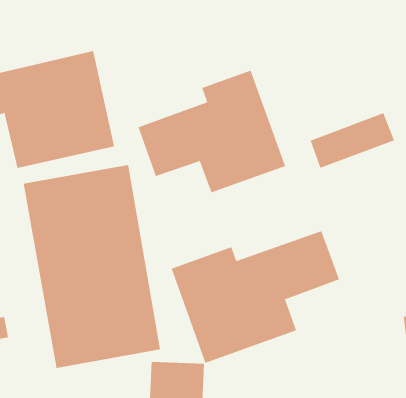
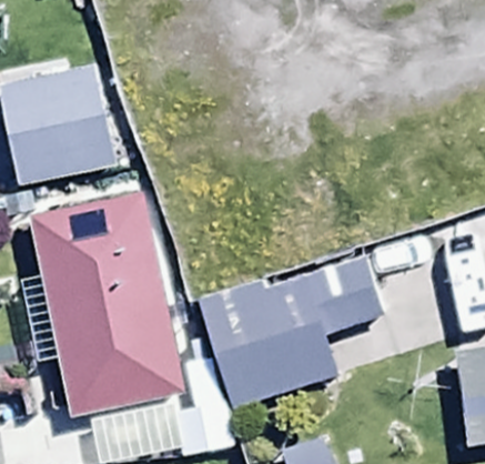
building: [138,70,286,193] -> none

